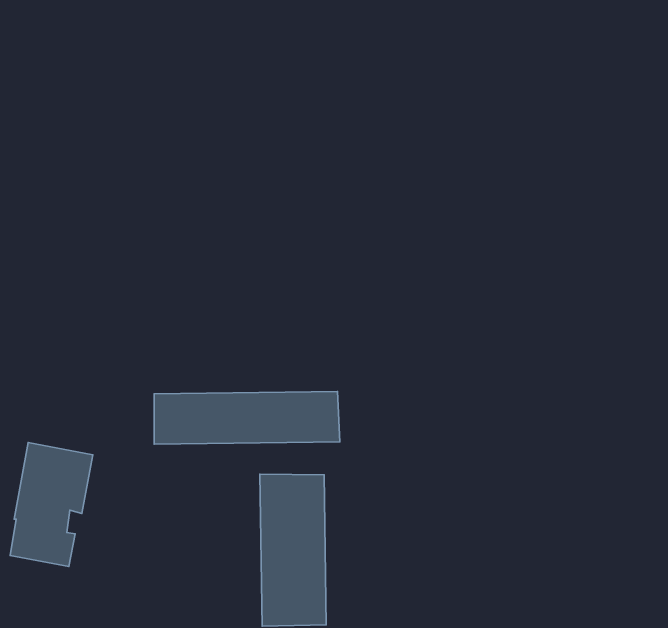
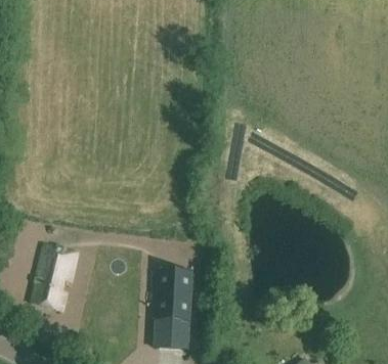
building: [154,391,340,444] -> none

